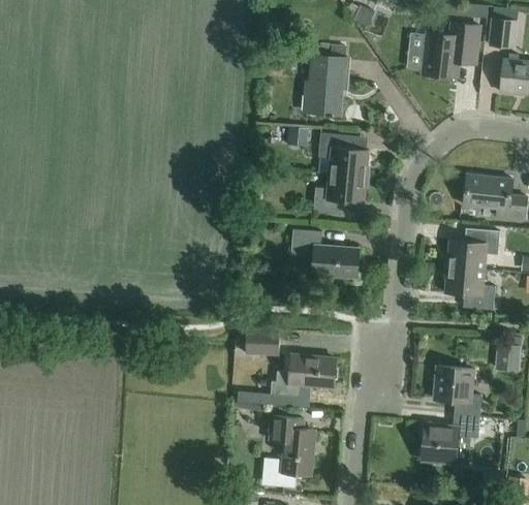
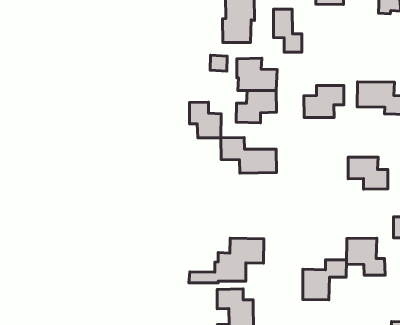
building: none -> [273,9,302,52]
building: none -> [189,102,221,138]
building: [447,228,500,270] -> [304,85,344,117]
building: [246,328,280,355] -> none
building: [423,414,480,464] -> [303,260,346,300]

